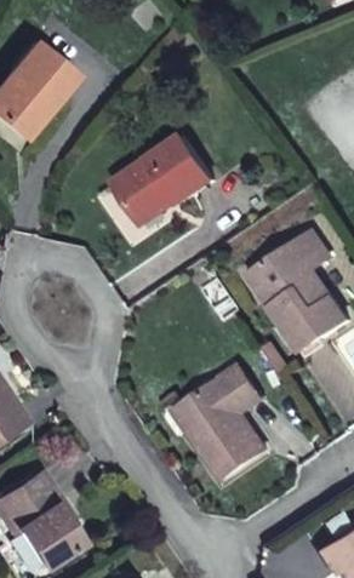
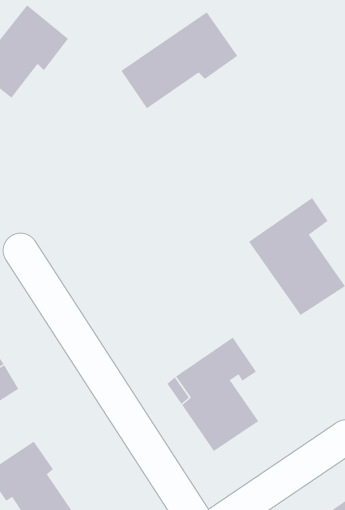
building: [97,137,212,233] -> [121,11,238,109]

